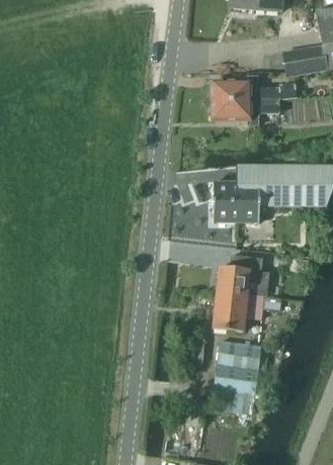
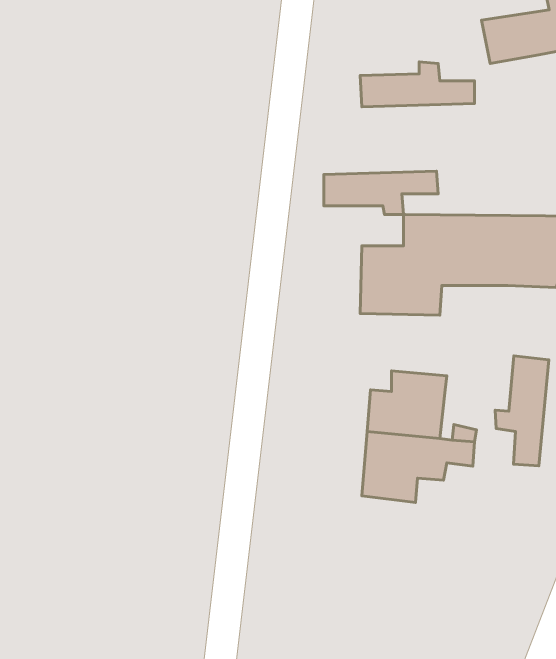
building: [214,99,280,124] -> [324,171,438,214]
building: none -> [495,356,549,466]
building: [212,340,269,415] -> none

